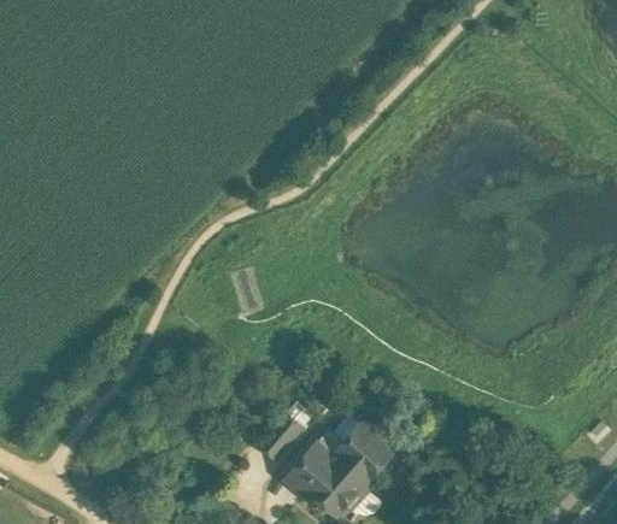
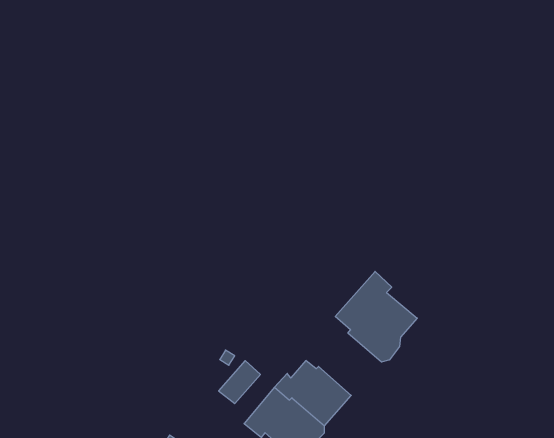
building: none -> [335,271,417,362]

